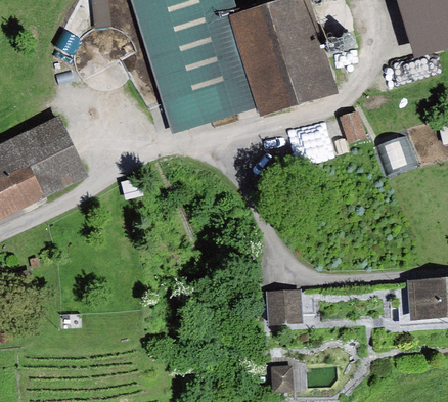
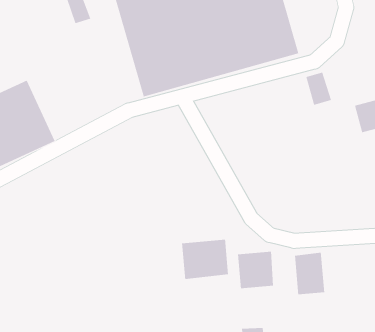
building: none -> [182,239,229,280]
building: none -> [295,252,325,295]

